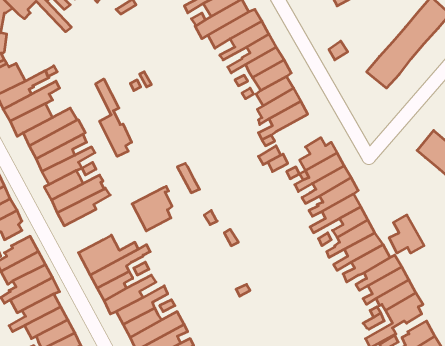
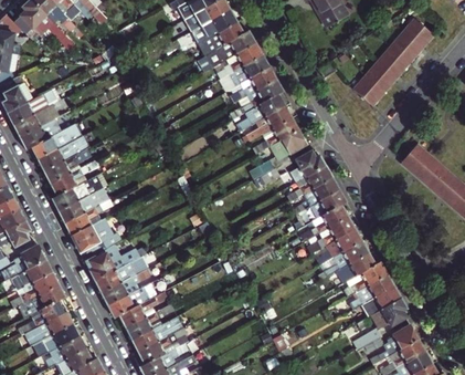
building: [96,79,132,156] -> none
building: none -> [268,128,307,156]
building: [132,186,172,231] -> [70,217,107,259]
building: [389,215,424,253] -> none

